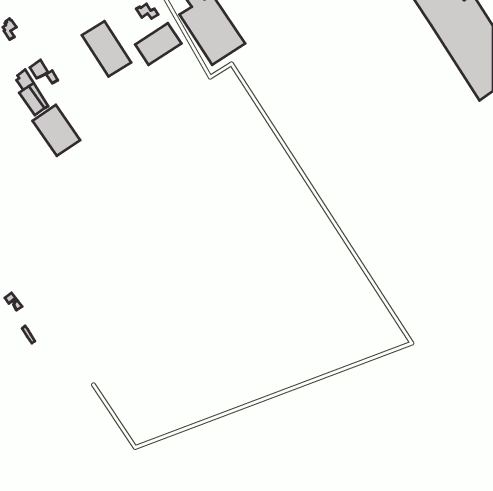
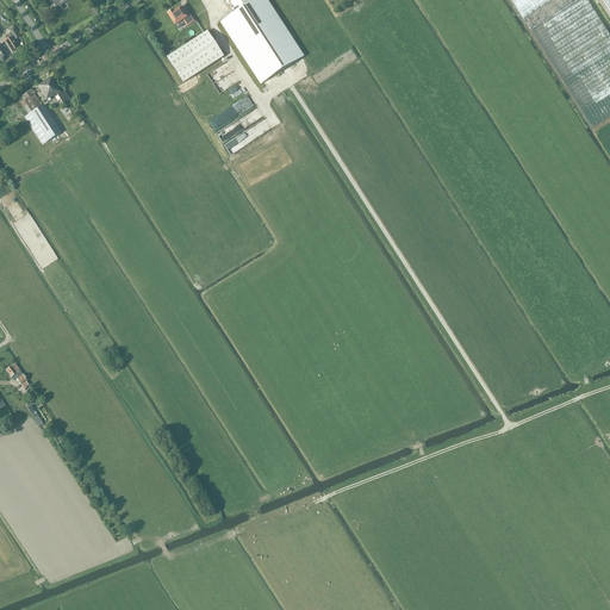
building: [82,21,131,77] -> none
building: [32,105,80,156] -> none

